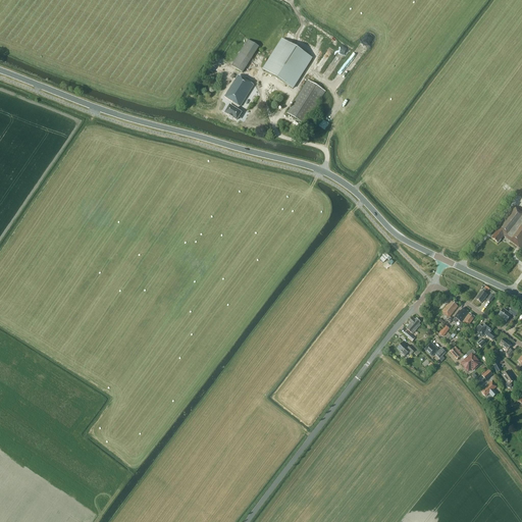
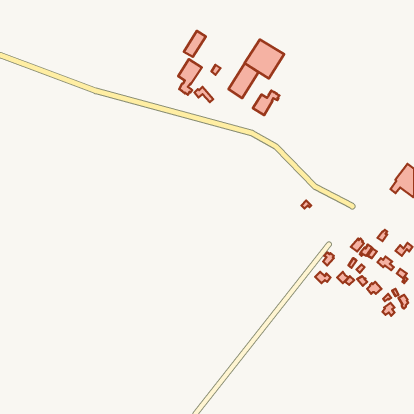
building: [262,39,312,88] -> [245,40,284,79]
building: none -> [253,91,279,115]

